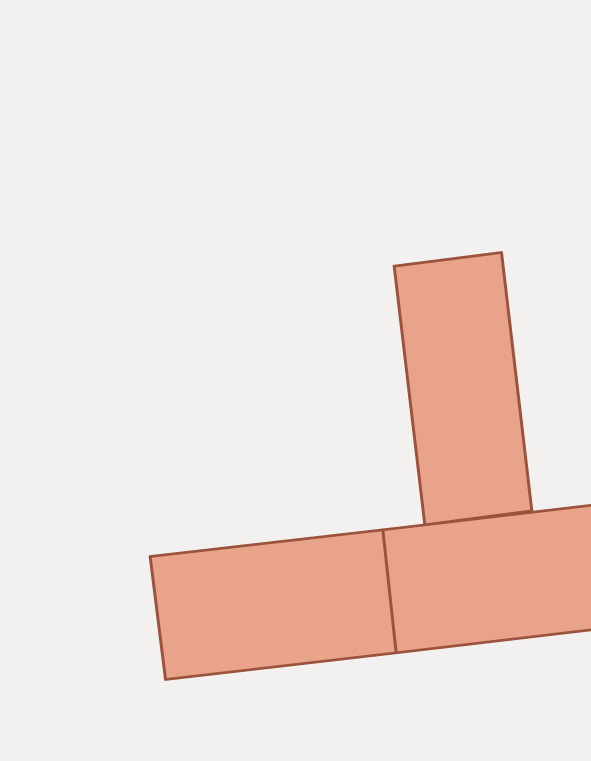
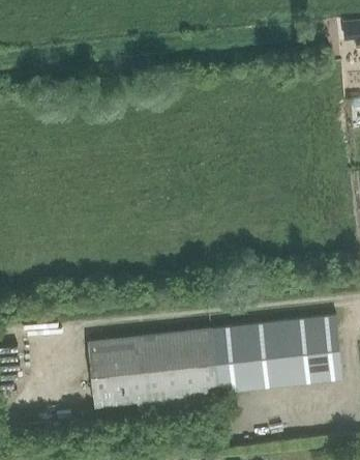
building: [394,252,532,525] -> none

